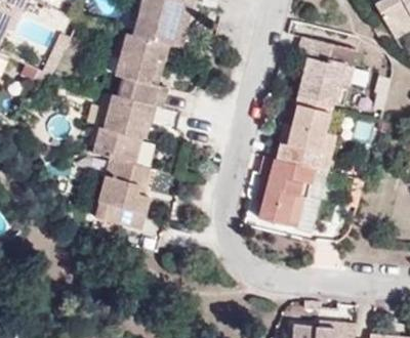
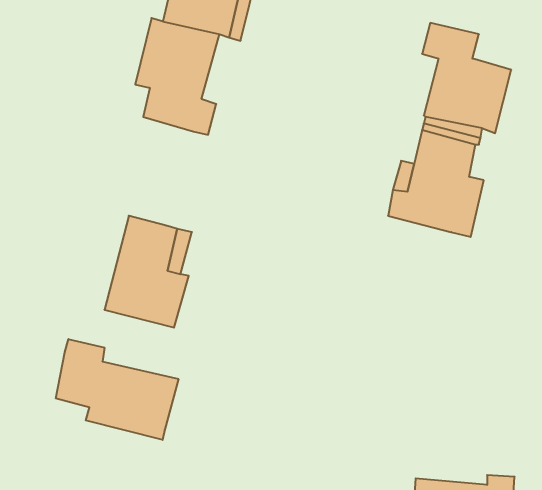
building: [93,94,152,165] -> none
building: [257,156,315,228] -> none
building: none -> [56,339,178,440]

